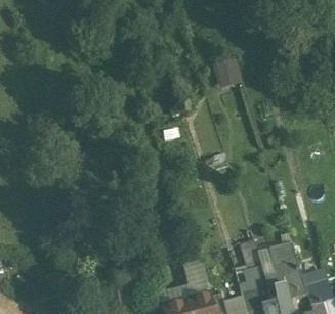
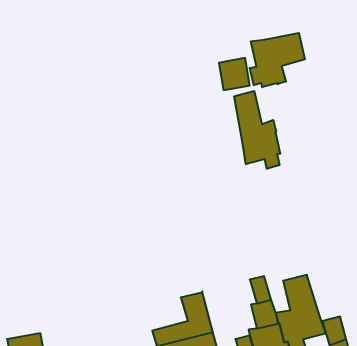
building: none -> [250,33,305,87]
building: none -> [234,91,280,169]

